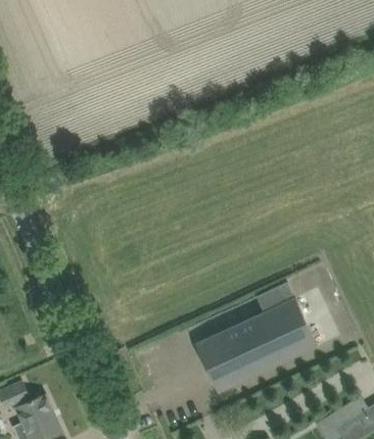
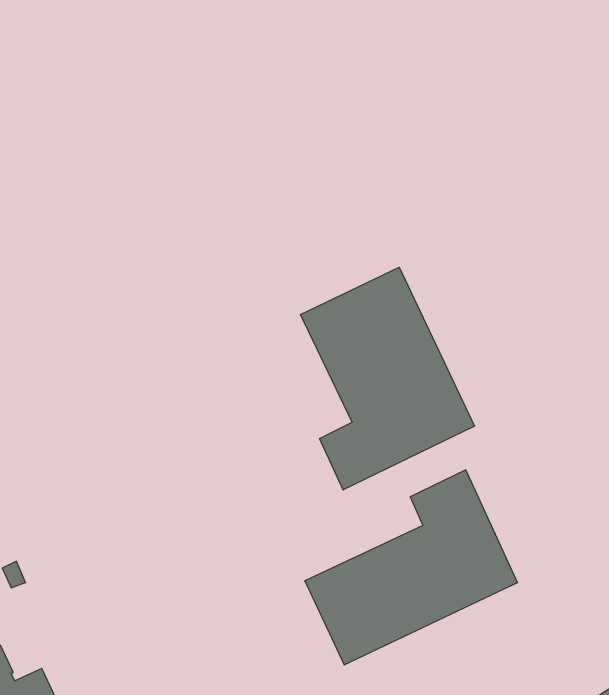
building: none -> [301,267,474,490]

